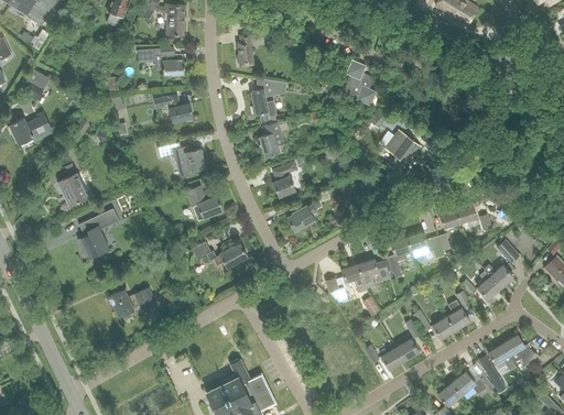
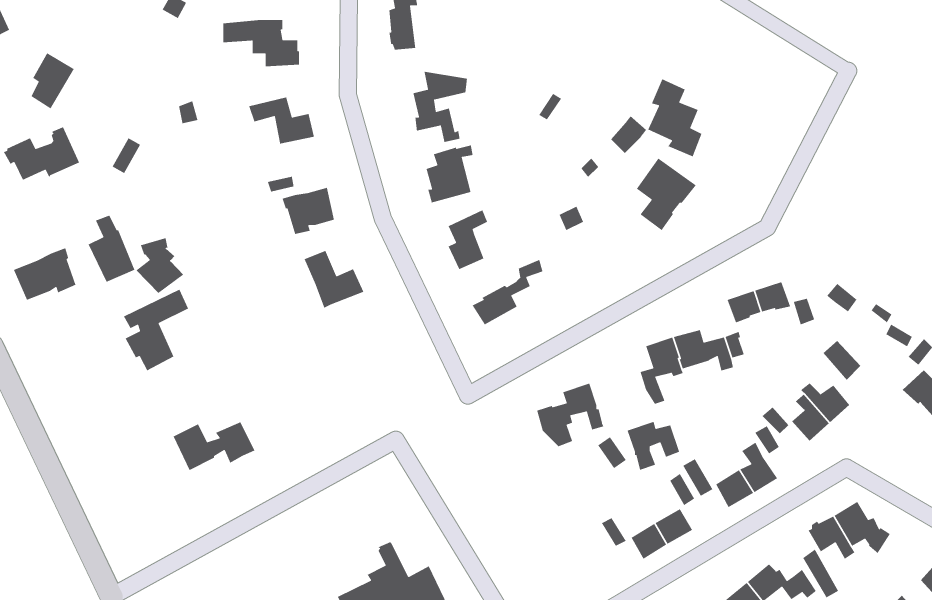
building: [343,58,376,106] -> [647,78,702,157]
building: none -> [136,237,184,294]
building: none -> [13,247,77,301]
building: [192,241,247,267] -> none
building: [357,259,389,288] -> [627,421,680,471]

